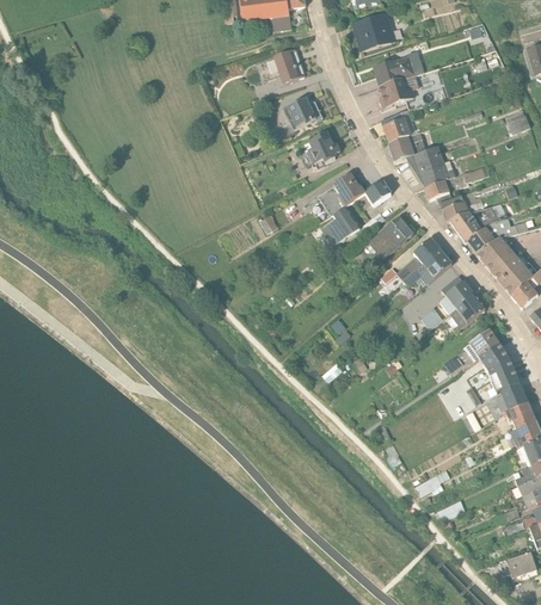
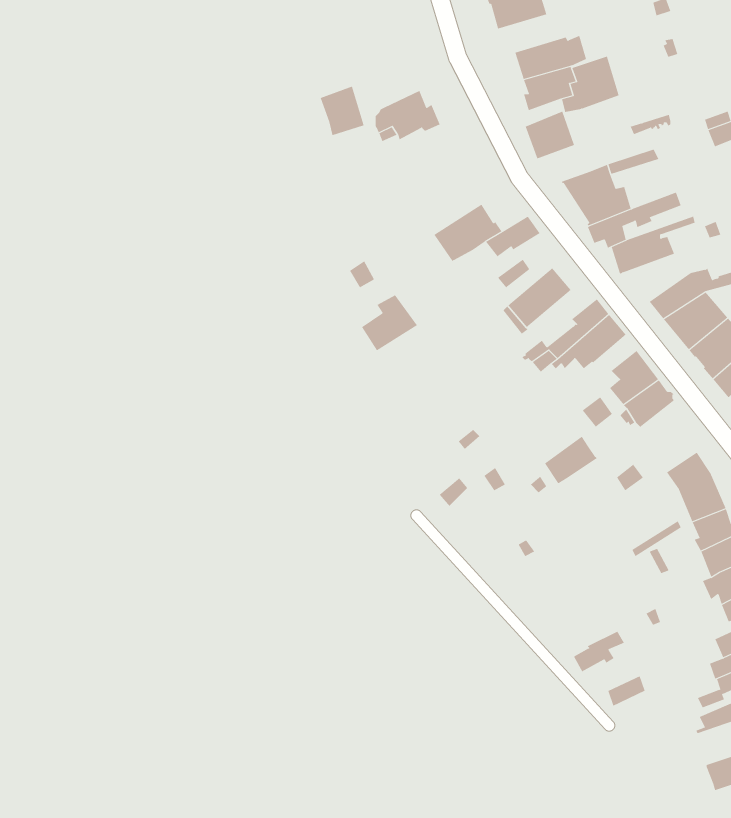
building: [272,48,303,82] -> [320,86,365,136]
building: [295,130,339,167] -> none
building: [387,130,425,160] -> none
building: [448,202,505,241] -> none
building: [320,204,359,243] -> [361,294,418,351]
building: [462,328,499,362] -> [544,436,598,484]

